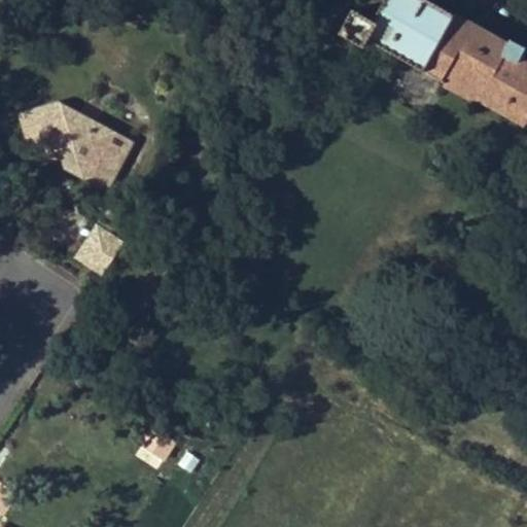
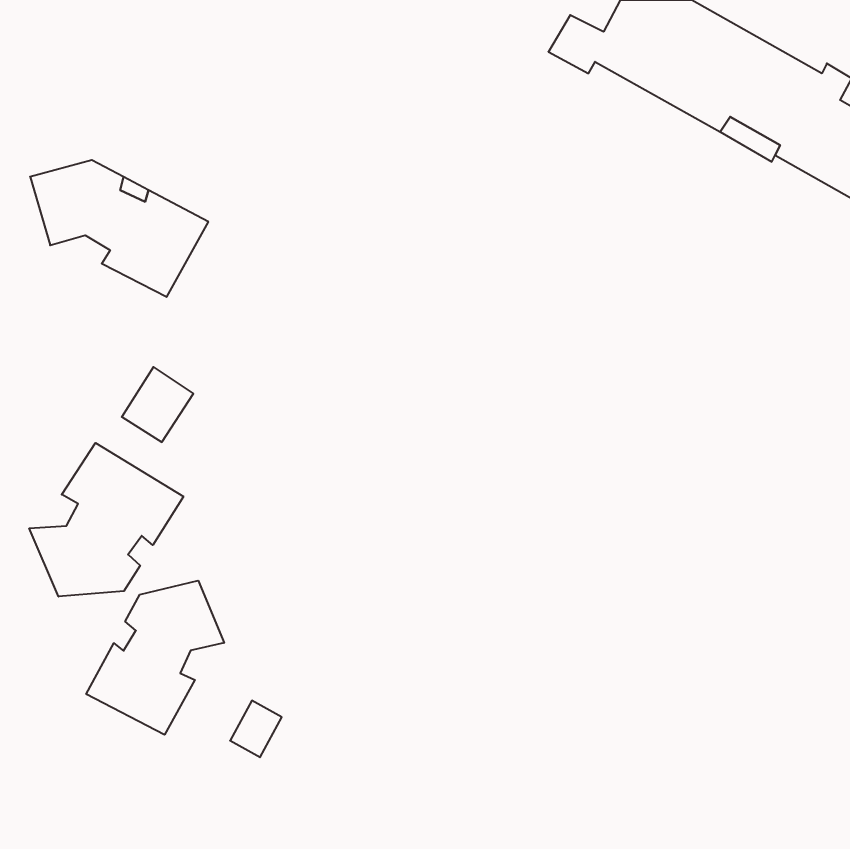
building: none -> [29,443,183,597]
building: none -> [86,581,224,735]

